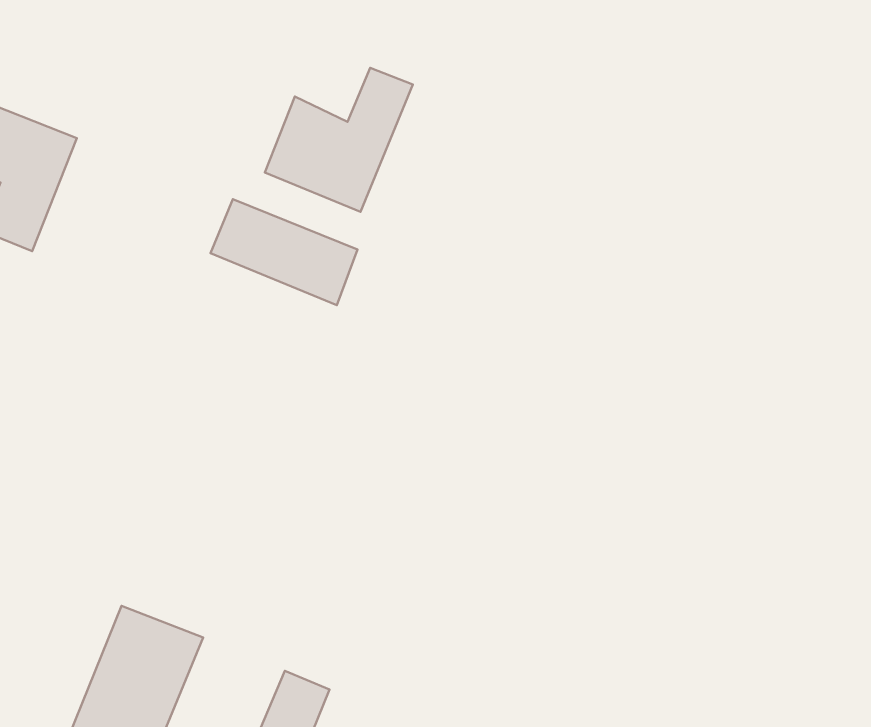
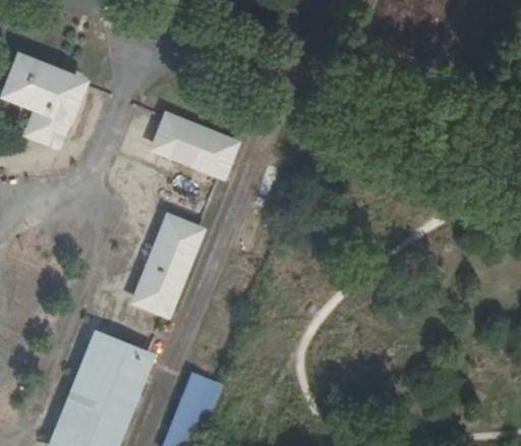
building: [265,68,413,212] -> none
building: none -> [136,216,199,310]

